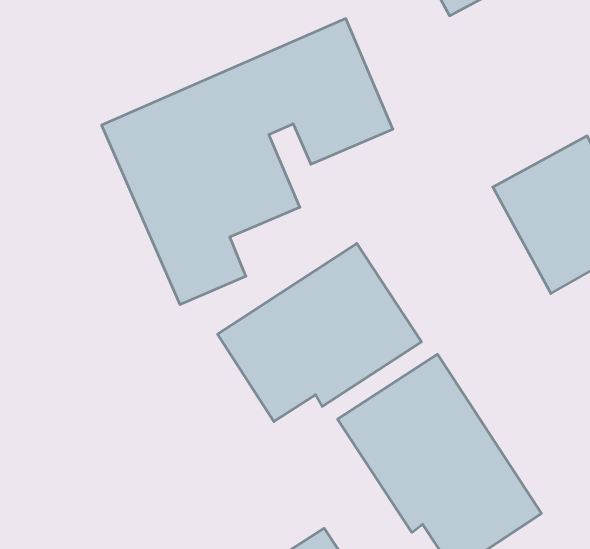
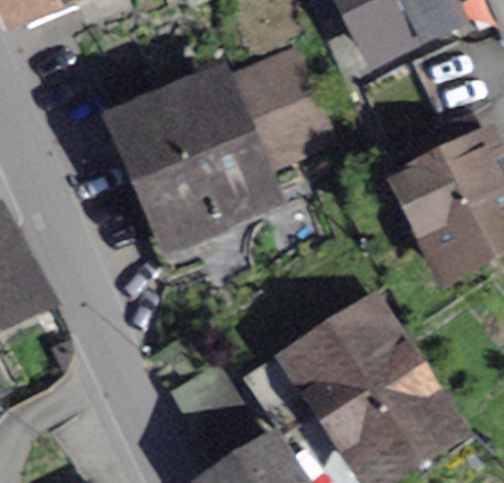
building: [218,243,421,422] -> none

